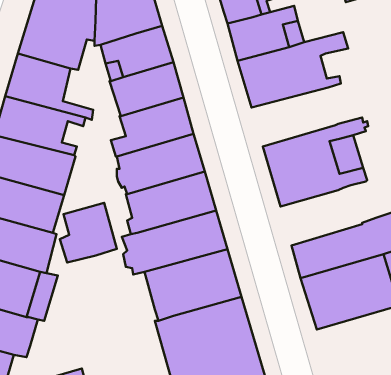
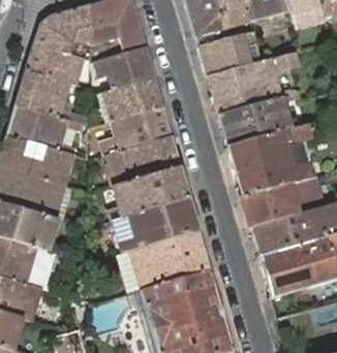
building: none -> [218,97,289,146]
building: none -> [242,174,320,227]
building: [60,203,117,263] -> none

